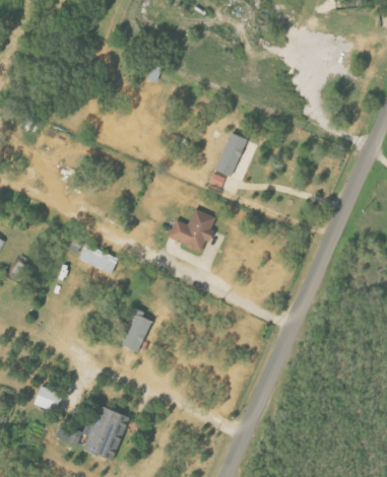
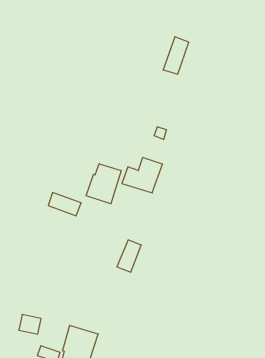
building: [214,131,247,176] -> [163,37,189,74]
building: none -> [86,164,121,204]
building: [122,313,152,351] -> [117,240,141,272]

